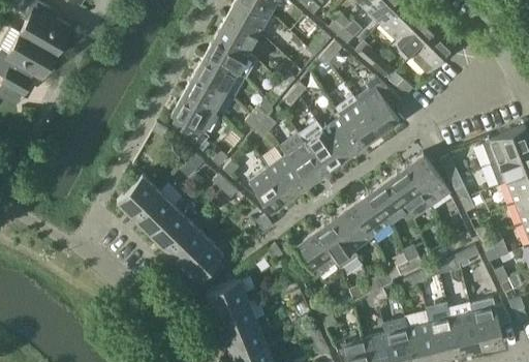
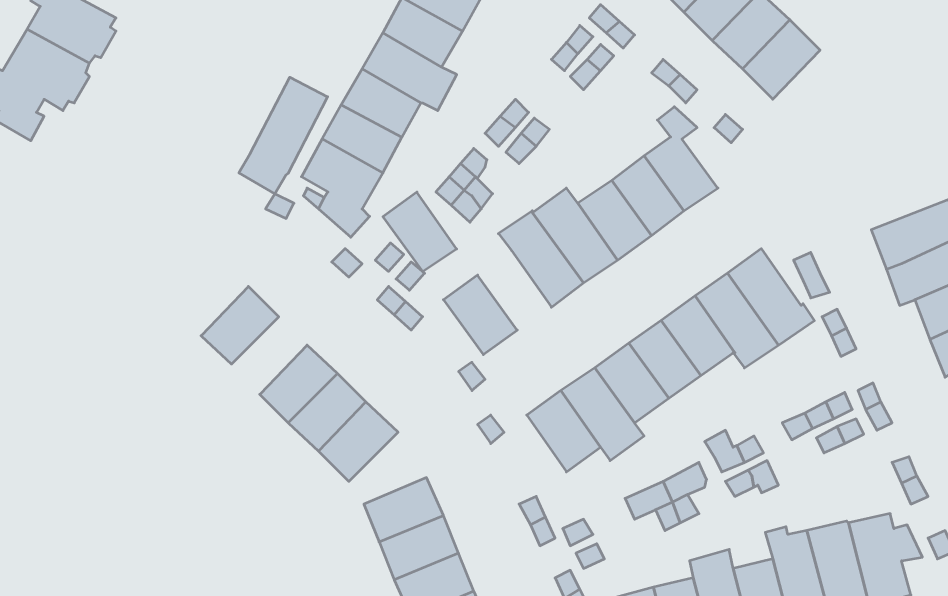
building: none -> [239,77,328,194]
building: [268,155,308,199] -> [383,192,457,272]
building: [133,191,175,234] -> none

